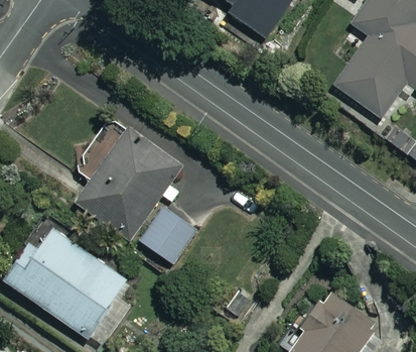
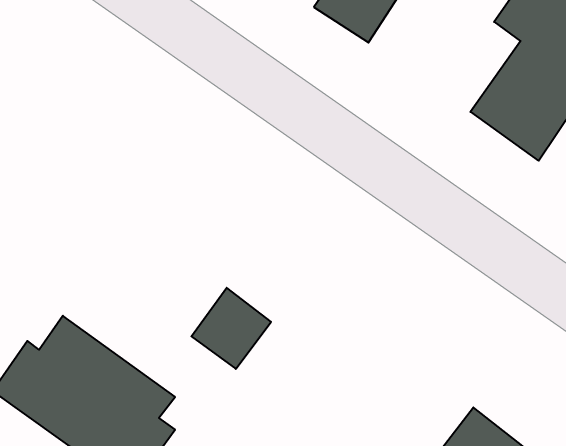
building: [72,114,189,237] -> none

